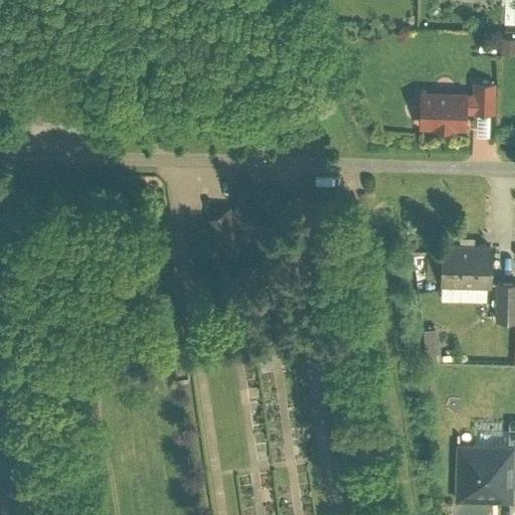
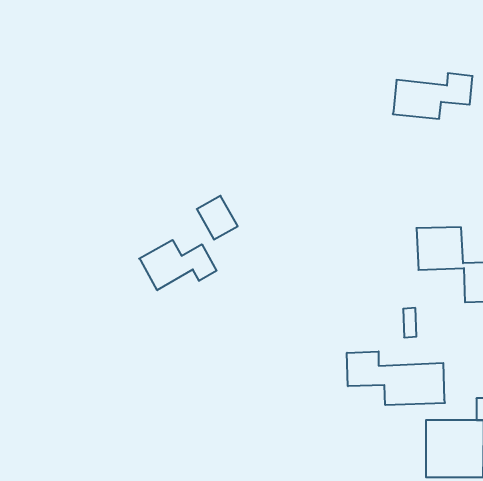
building: none -> [139,240,217,290]
building: none -> [347,351,445,405]

